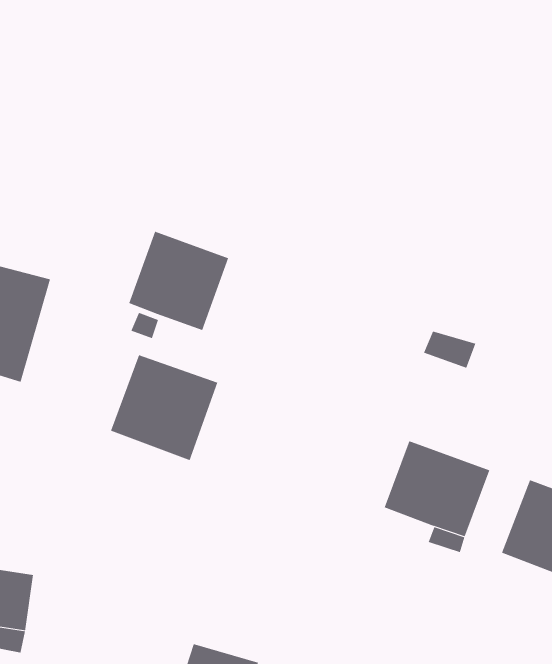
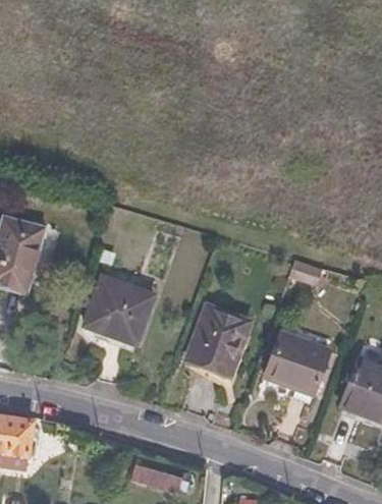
building: [129,231,229,331] -> none
building: none -> [186,304,252,377]

